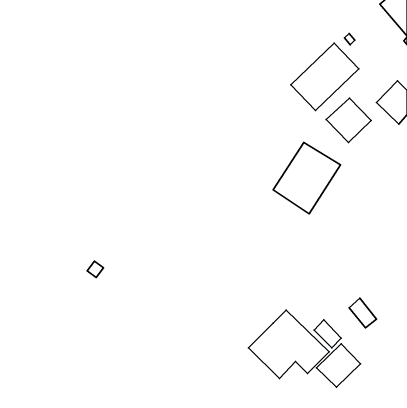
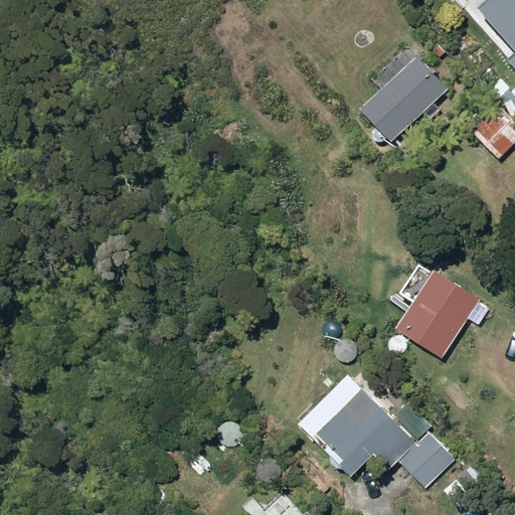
building: [326,98,371,143] -> none
building: [273,142,341,214] -> [394,268,479,357]

